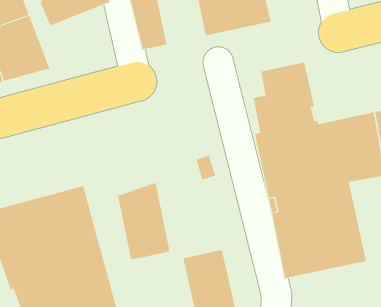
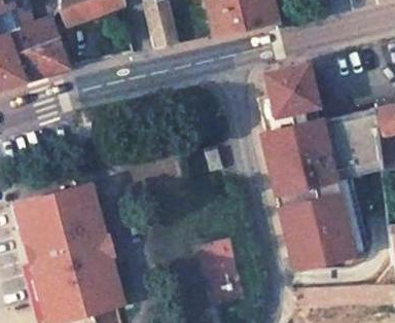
building: [117,182,170,260] -> none

